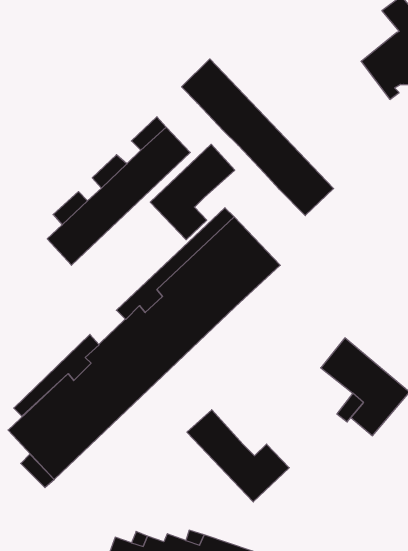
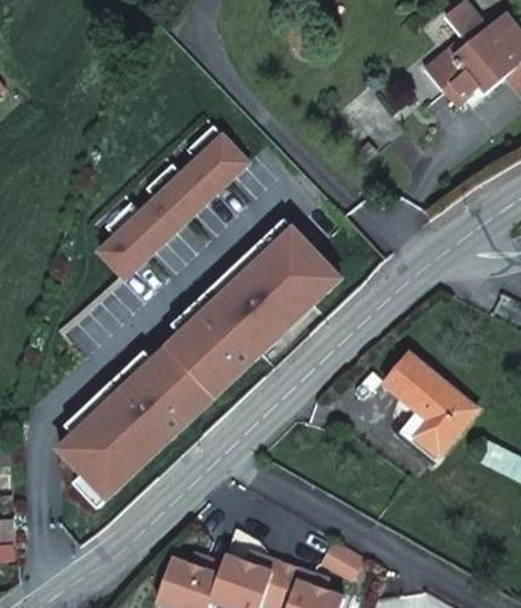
building: [182,59,334,216] -> none
building: [150,144,235,240] -> none
building: [187,410,289,502] -> none

